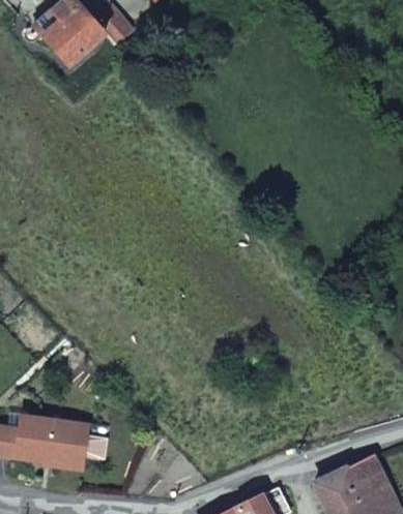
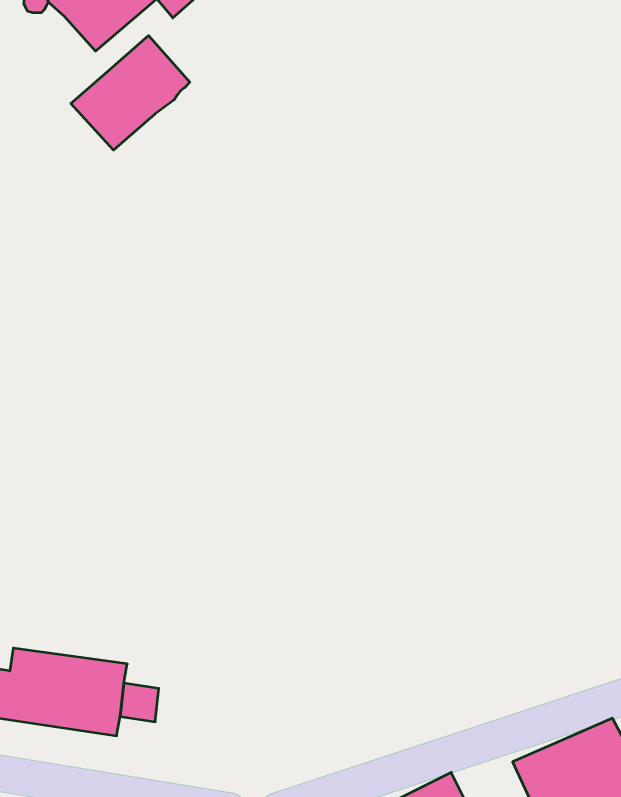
building: none -> [71,36,190,150]

